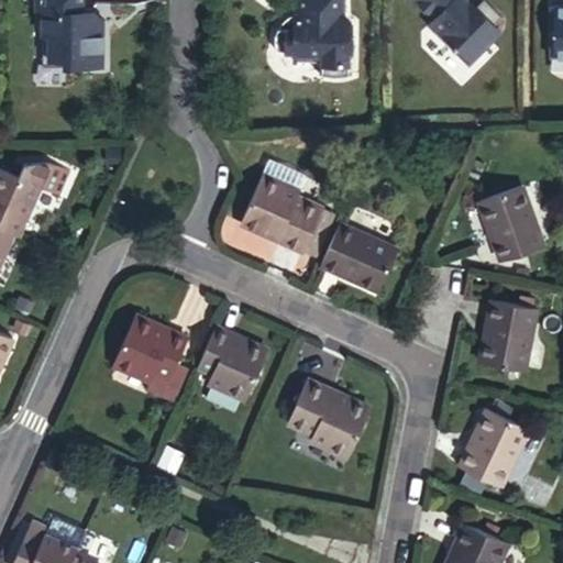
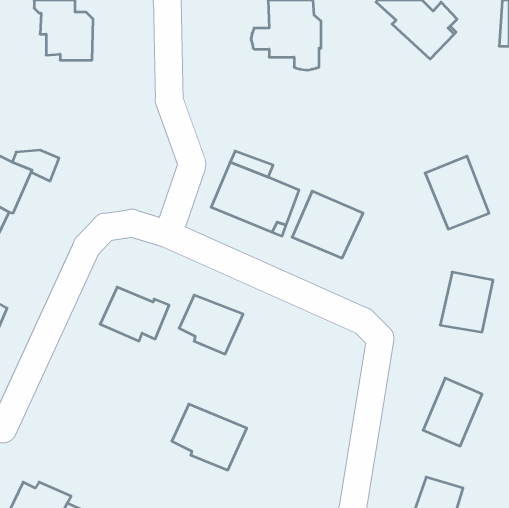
building: [290,380,373,453] -> [172,404,247,470]

